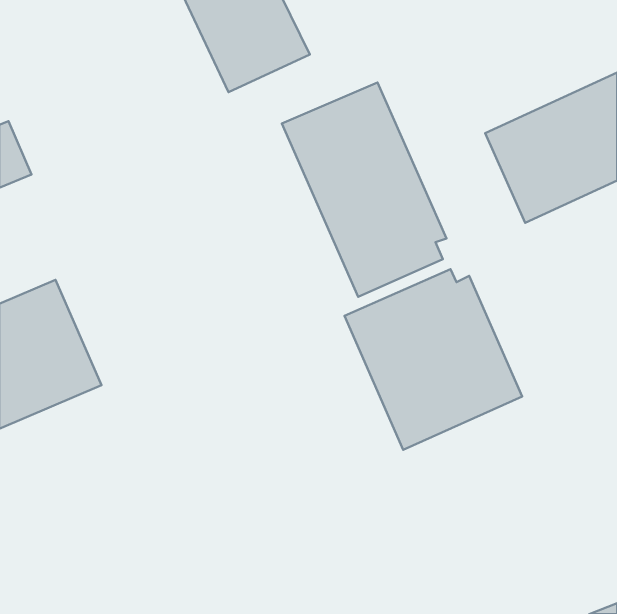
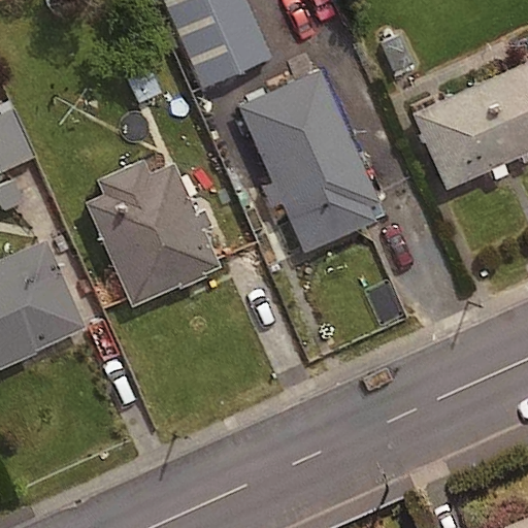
building: none -> [86,160,221,306]
building: [344,269,522,450] -> none

